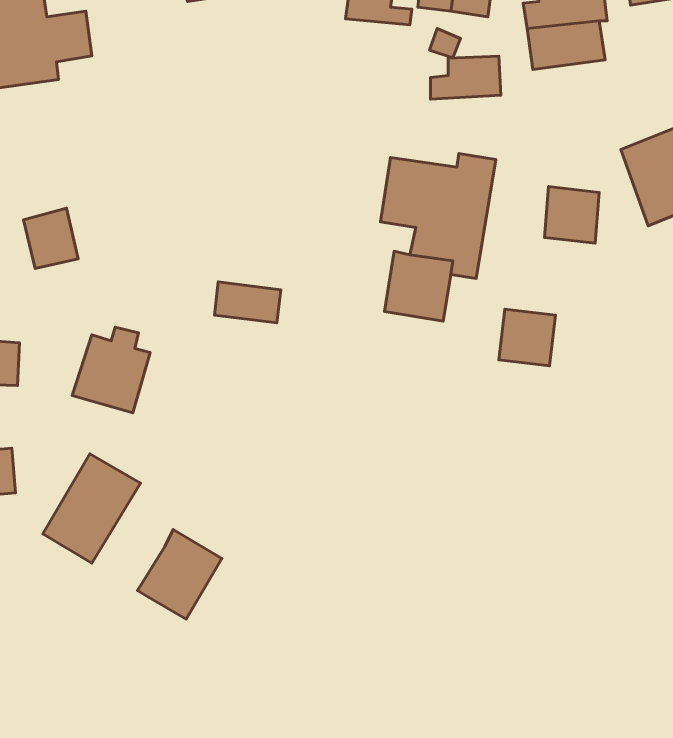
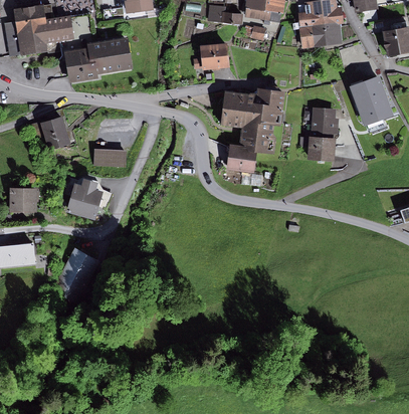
building: none -> [65,36,131,79]
building: [431,56,501,99] -> [193,46,229,68]
building: [214,282,281,323] -> [92,145,127,166]
building: [499,309,555,366] -> [305,133,335,162]
building: [138,530,222,619] -> none

